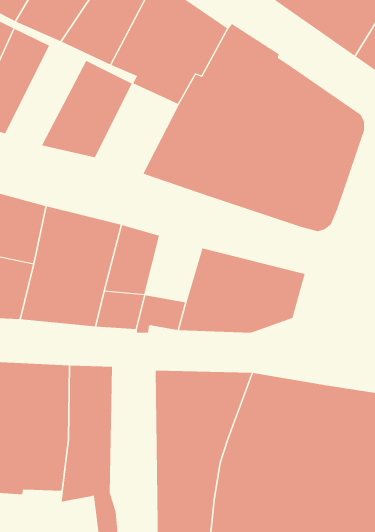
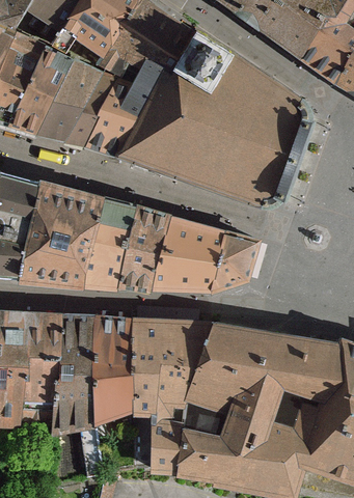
building: none -> [6,48,74,132]
building: none -> [82,80,152,156]
building: none -> [124,208,171,264]
building: none -> [94,317,133,440]

